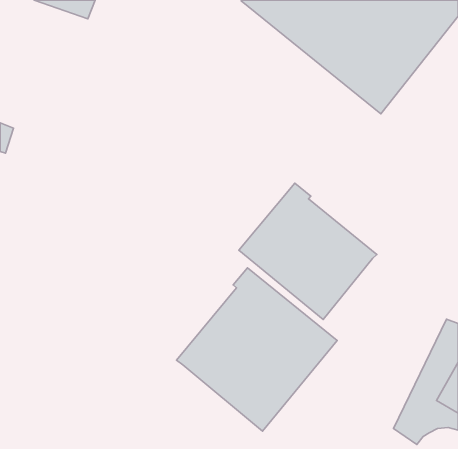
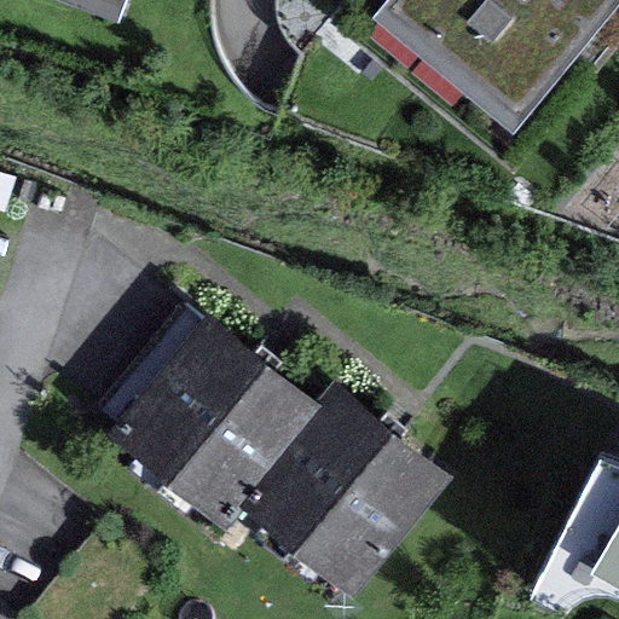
building: [239,183,377,320] -> none
building: none -> [103,311,319,528]

